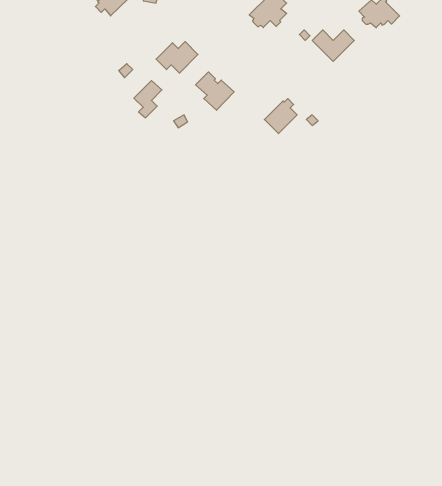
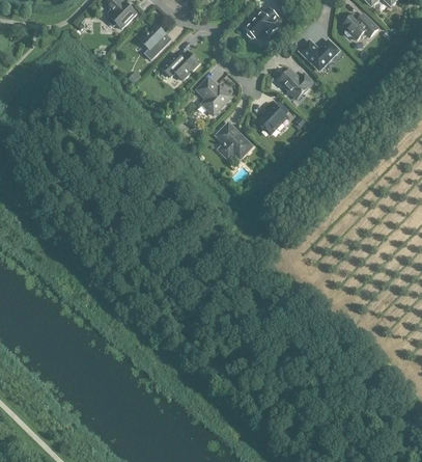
building: none -> [278,67,313,93]
building: [134,81,162,118] -> [140,25,165,58]
building: none -> [216,127,251,158]

